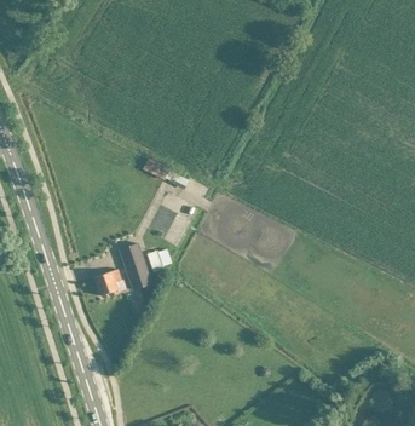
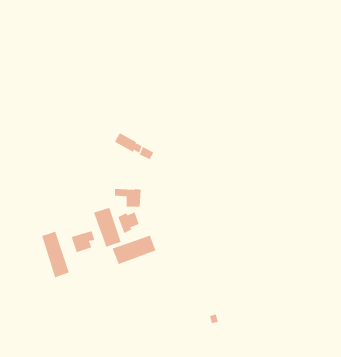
building: none -> [41,231,70,278]
building: none -> [112,235,156,265]

